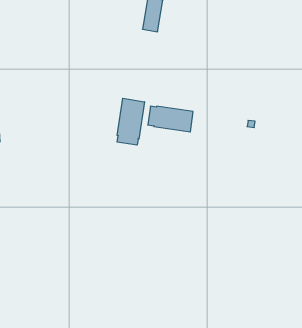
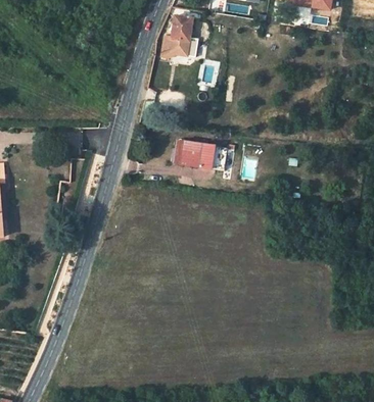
building: [117,98,144,145] -> none

